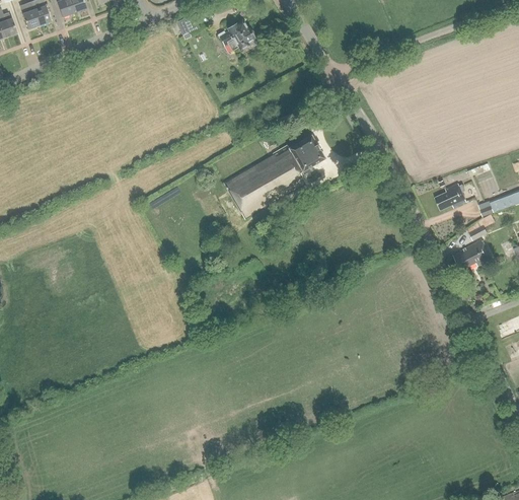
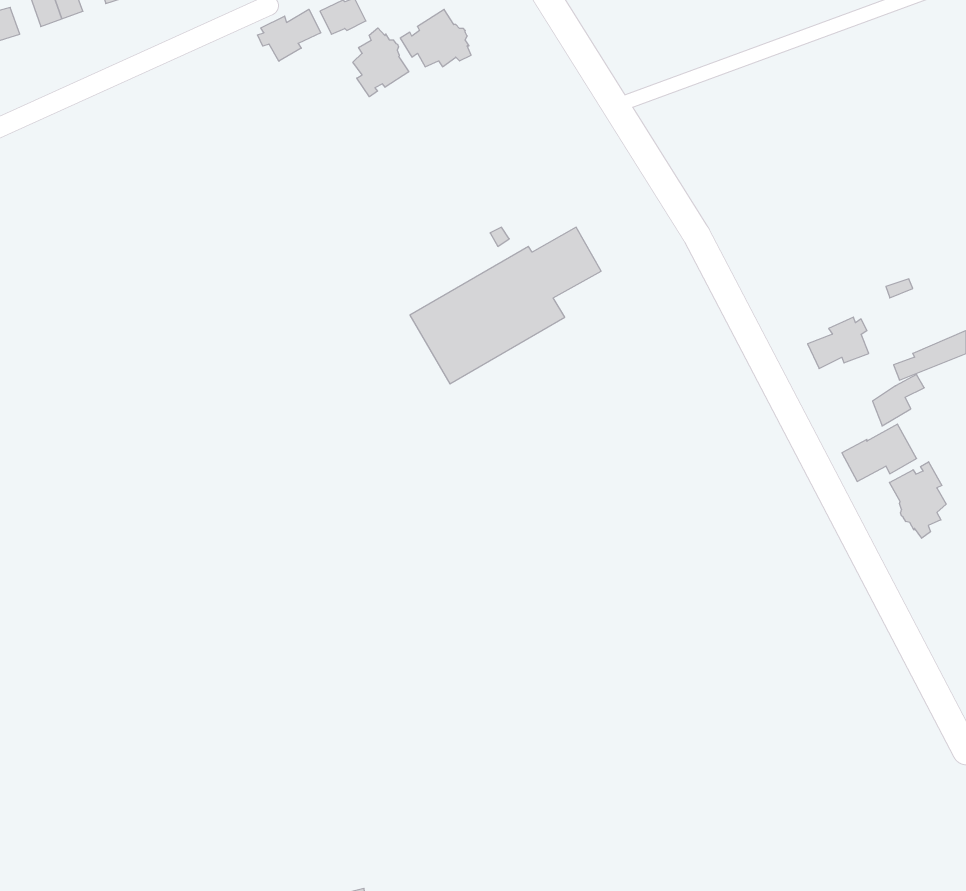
building: none -> [258,9,321,61]
building: none -> [353,28,409,97]
building: none -> [889,462,946,538]

